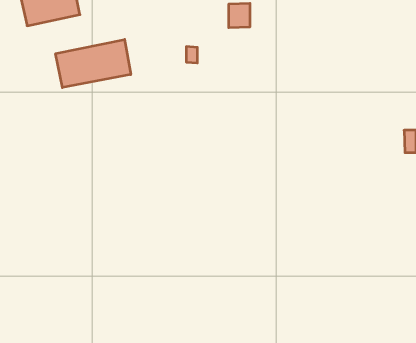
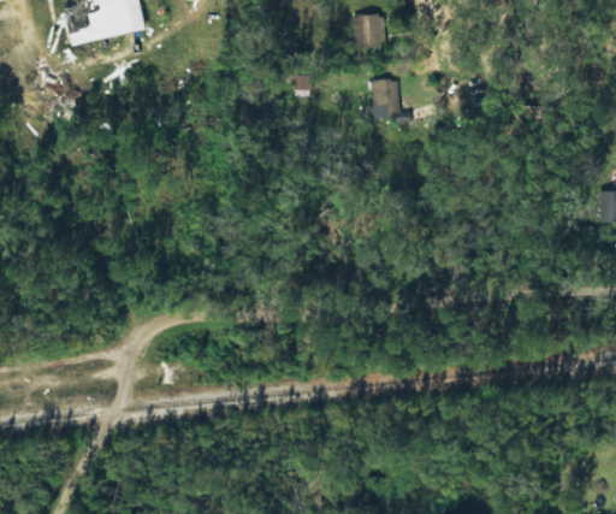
building: [56,39,131,88] -> none
building: none -> [365,79,409,119]

